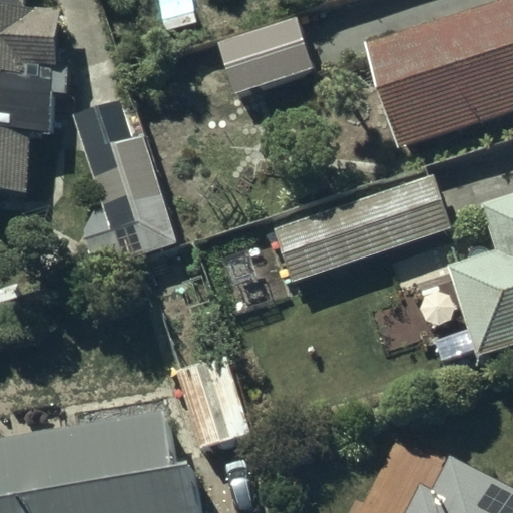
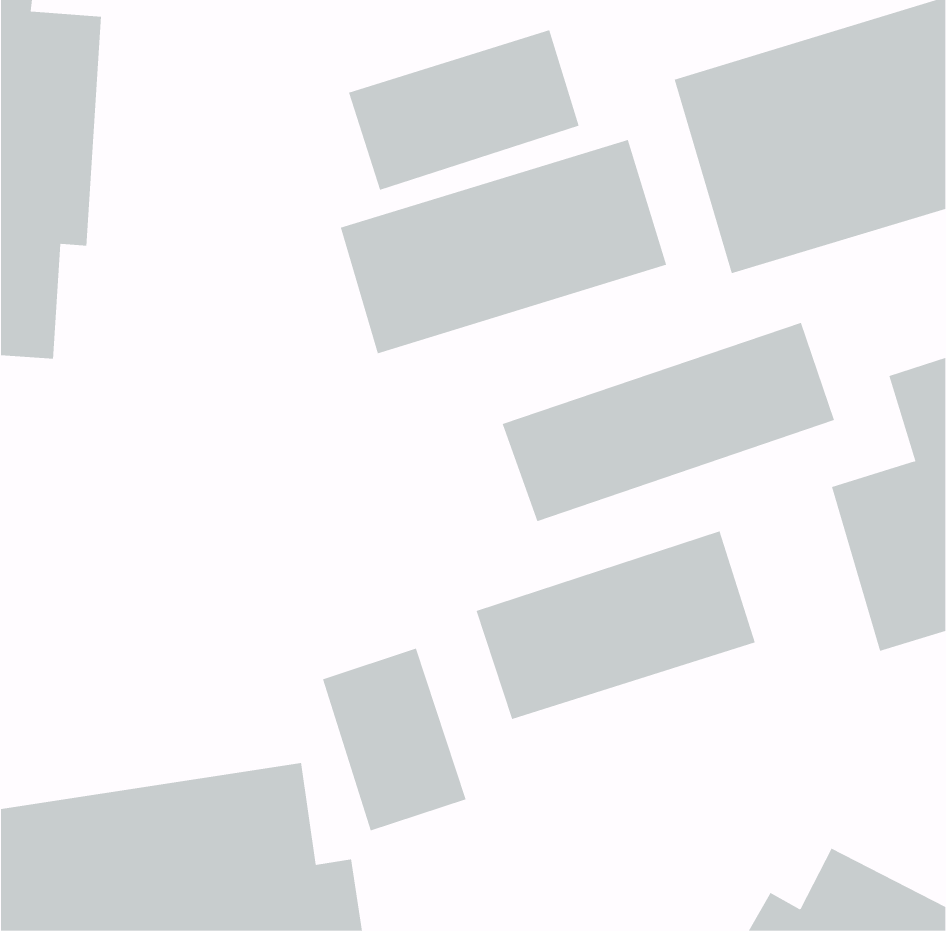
building: none -> [340,139,667,354]
building: [73,98,176,266] -> none
building: none -> [476,531,756,720]

